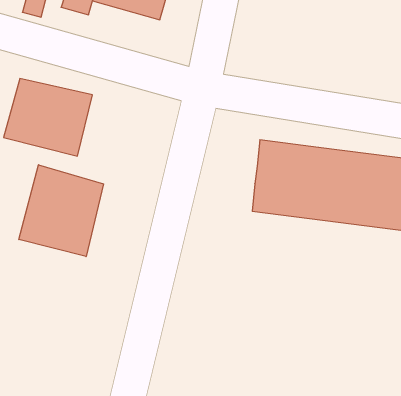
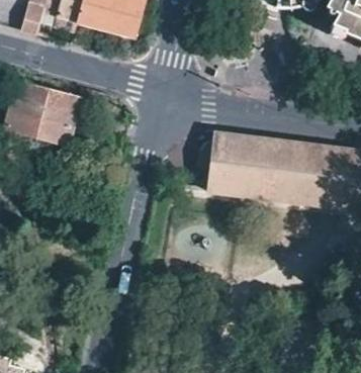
building: [19,165,103,257] -> none

